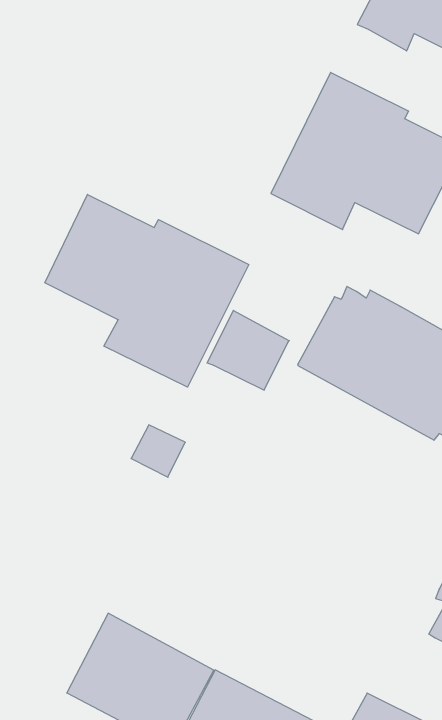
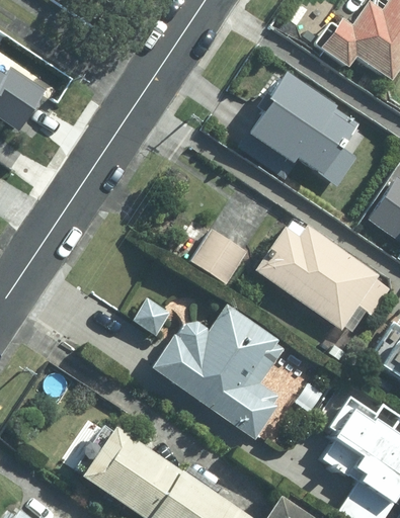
building: [45,194,249,387] -> none
building: none -> [146,303,287,440]

